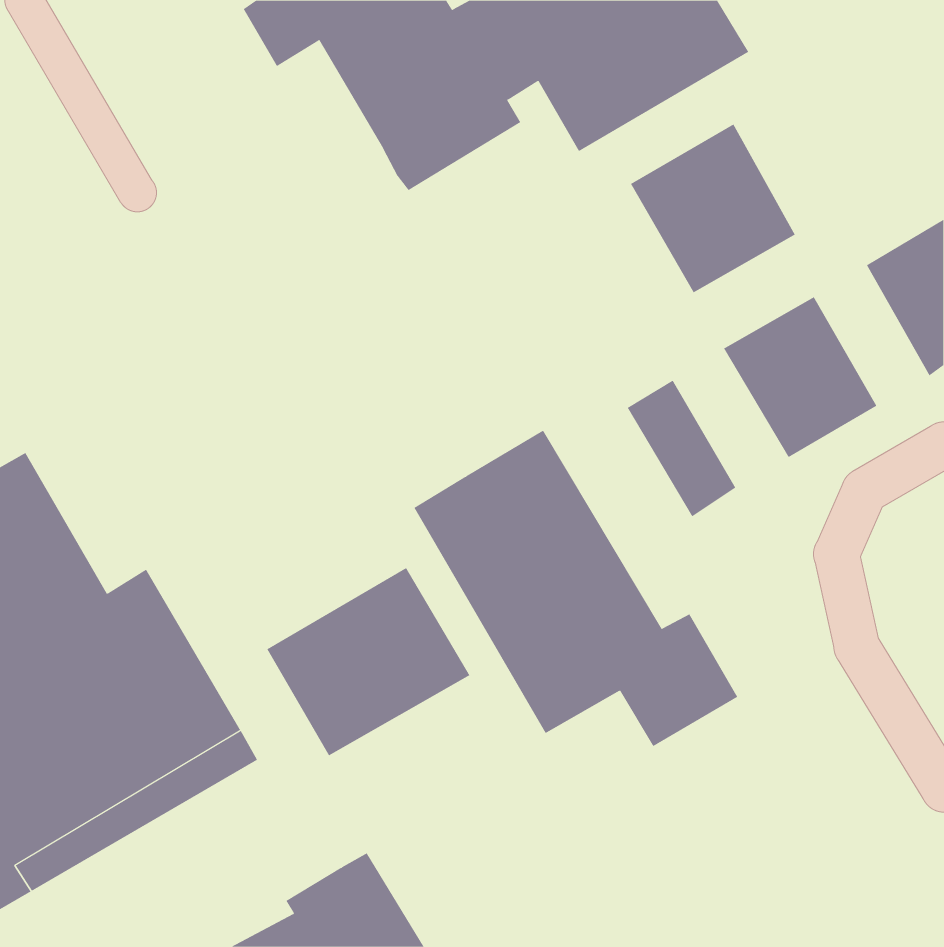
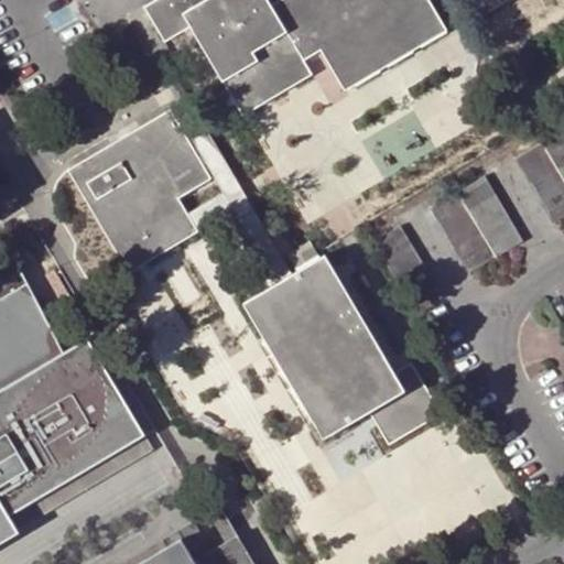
building: [630,123,796,293] -> none
building: none -> [68,110,209,272]
building: [267,567,470,756] -> none

